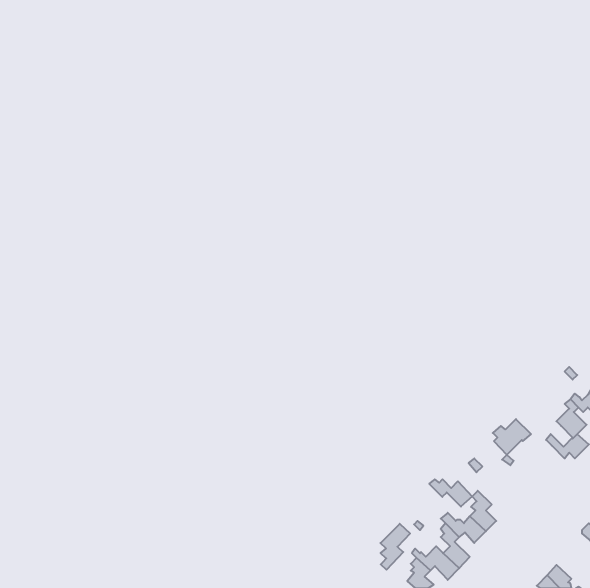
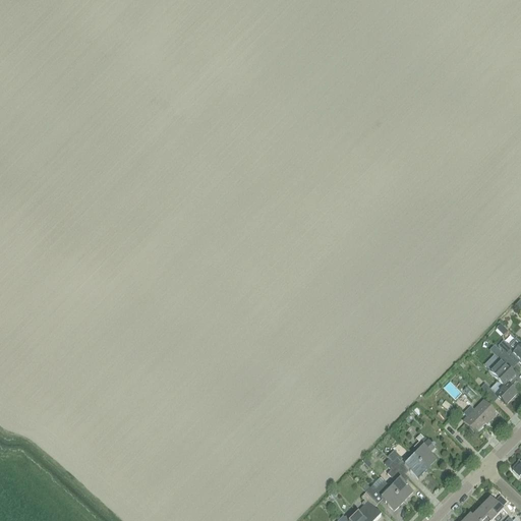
building: [493,419,531,455] -> [464,400,498,431]
building: [429,479,472,507] -> none
building: [380,524,410,570] -> none

